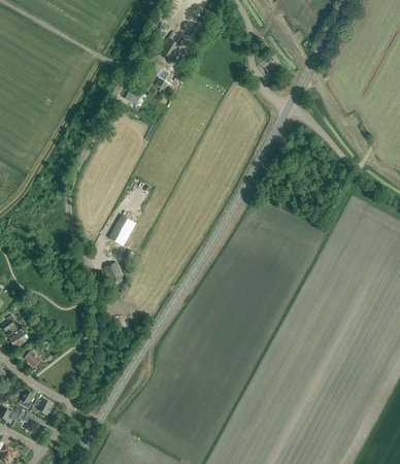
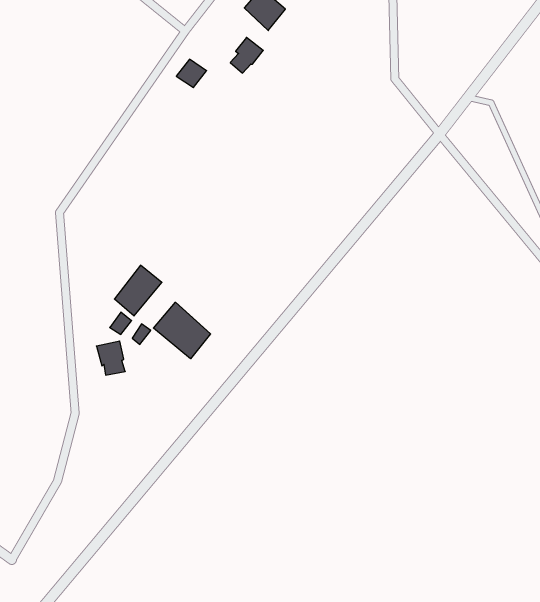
building: none -> [153,302,211,359]

